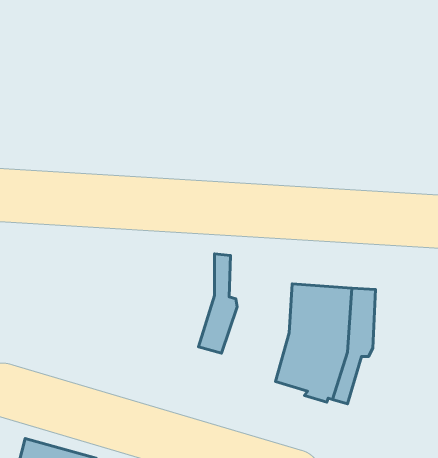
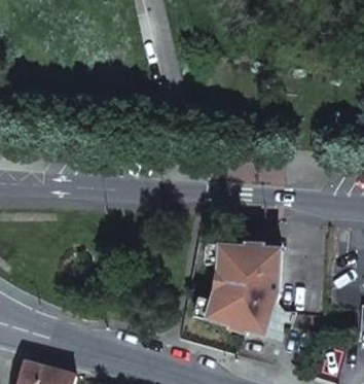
building: [199,254,237,353] -> none

